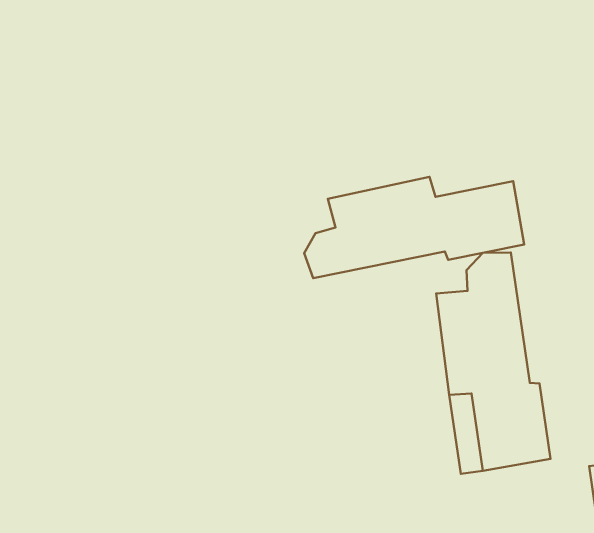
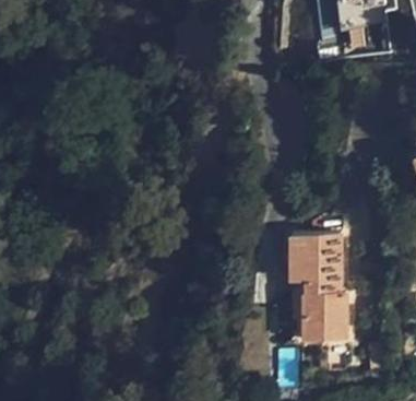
building: [304,177,524,278] -> none

